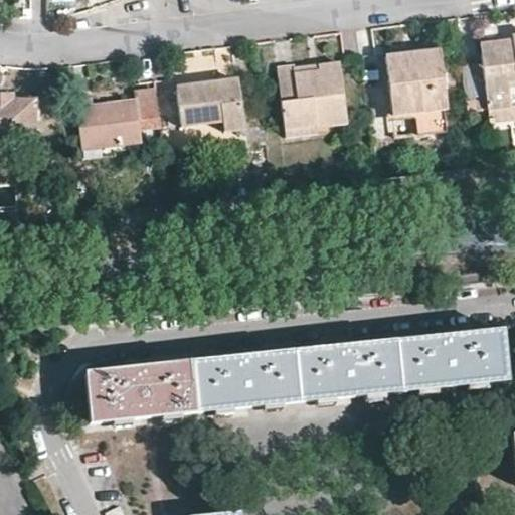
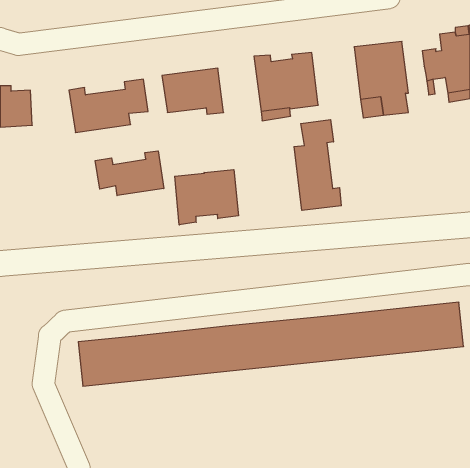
building: none -> [294,120,341,210]
building: none -> [95,151,164,196]
building: none -> [175,170,238,225]

